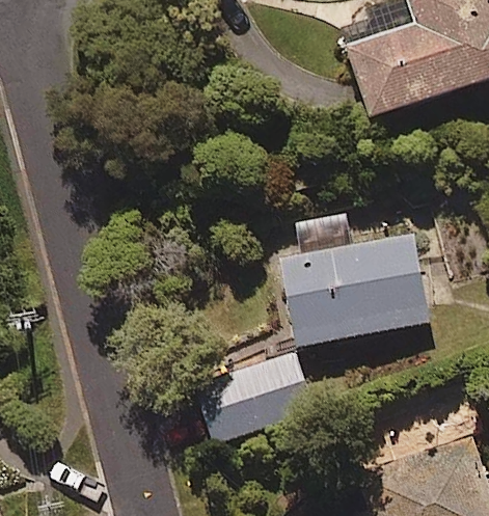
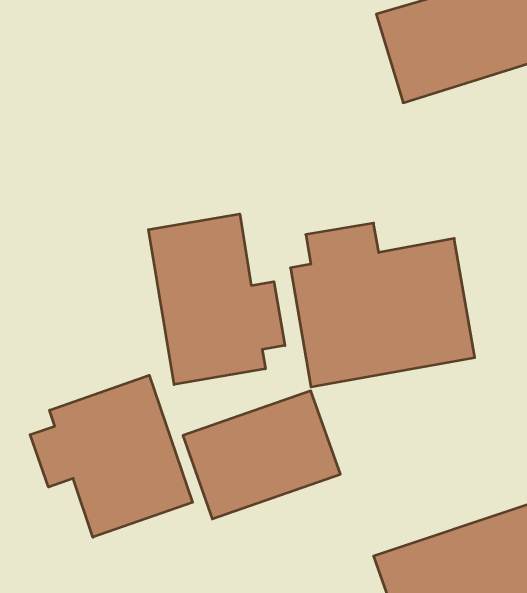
building: none -> [148,214,285,385]
building: none -> [30,375,193,537]

